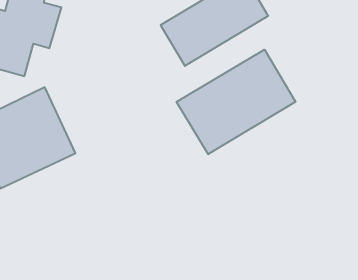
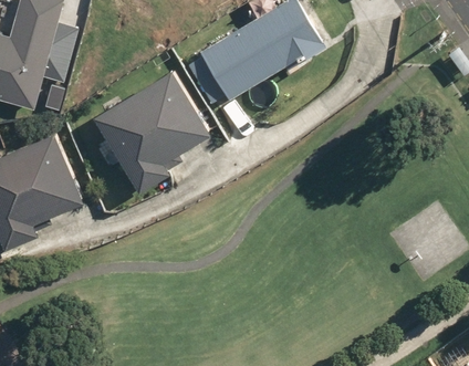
building: none -> [95,67,212,192]
building: [177,50,296,154] -> none

